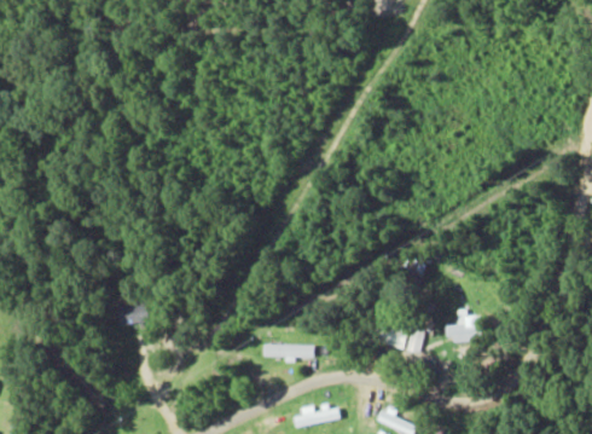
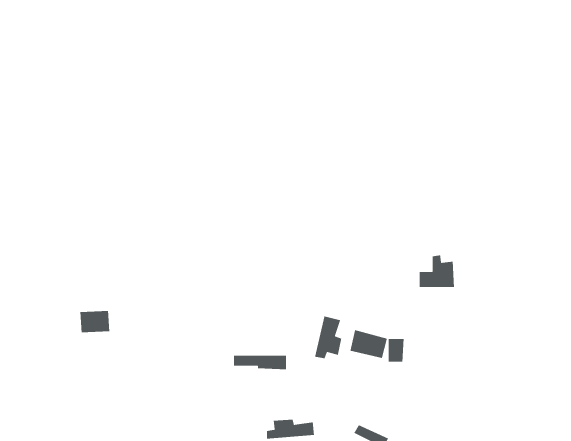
building: none -> [314,316,342,359]
building: [445,308,478,340] -> [419,255,455,288]

